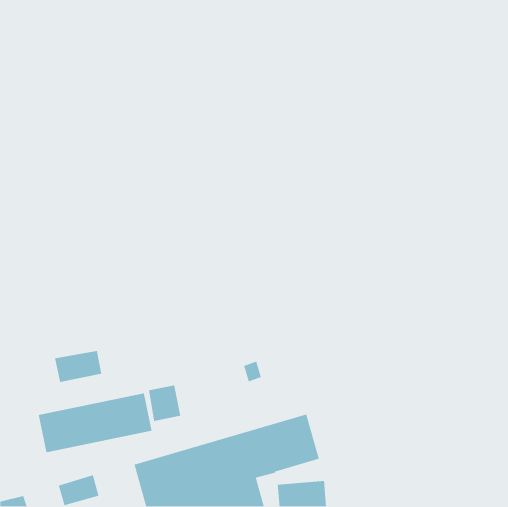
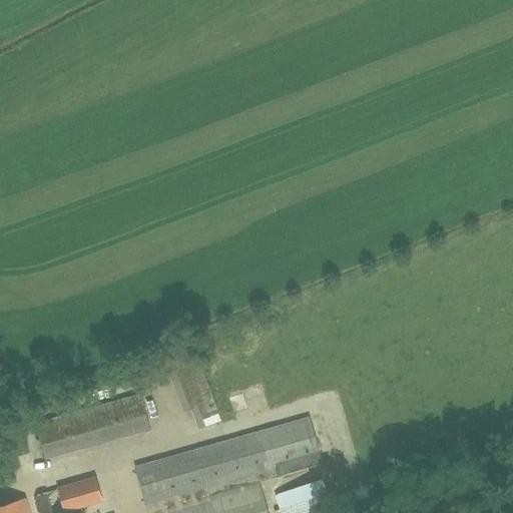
building: [54,350,102,383] -> none
building: [148,384,181,422] -> none

